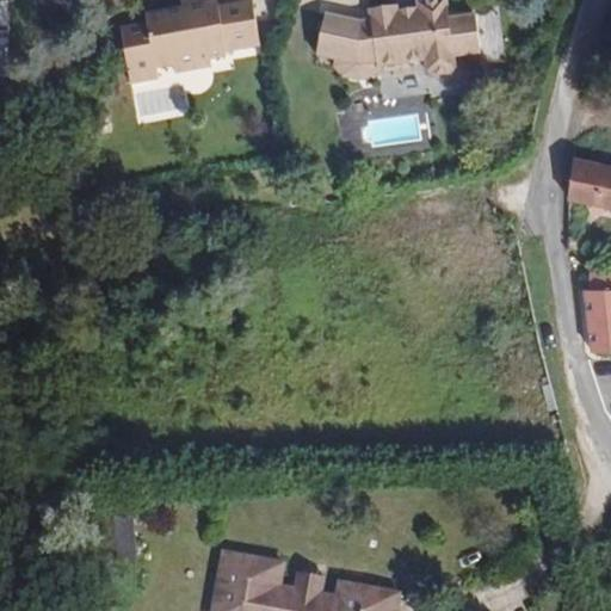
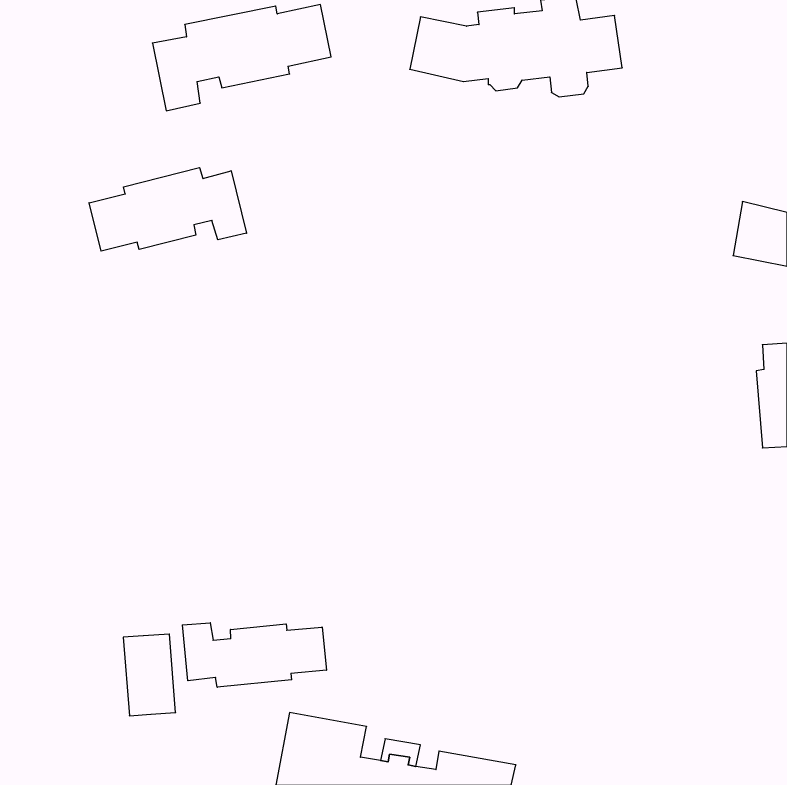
building: none -> [89,168,247,251]
building: none -> [182,623,326,687]

